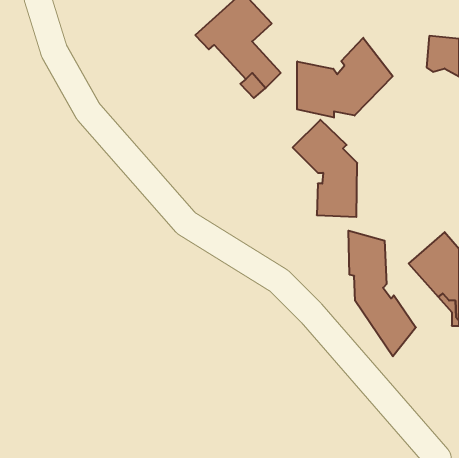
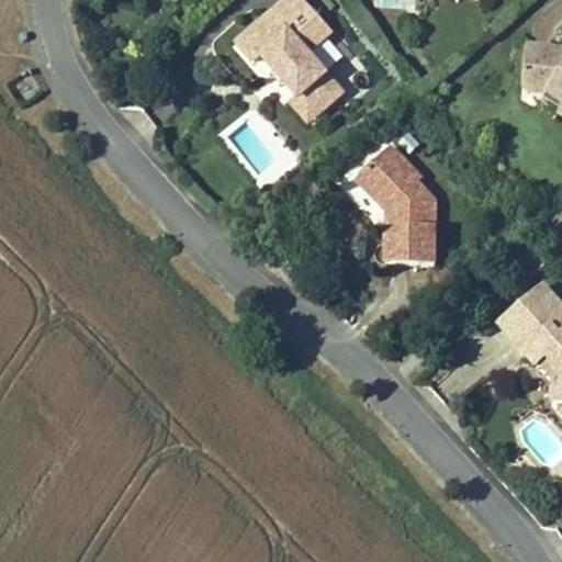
building: [297,38,393,118] -> none
building: [348,231,416,356] -> none

